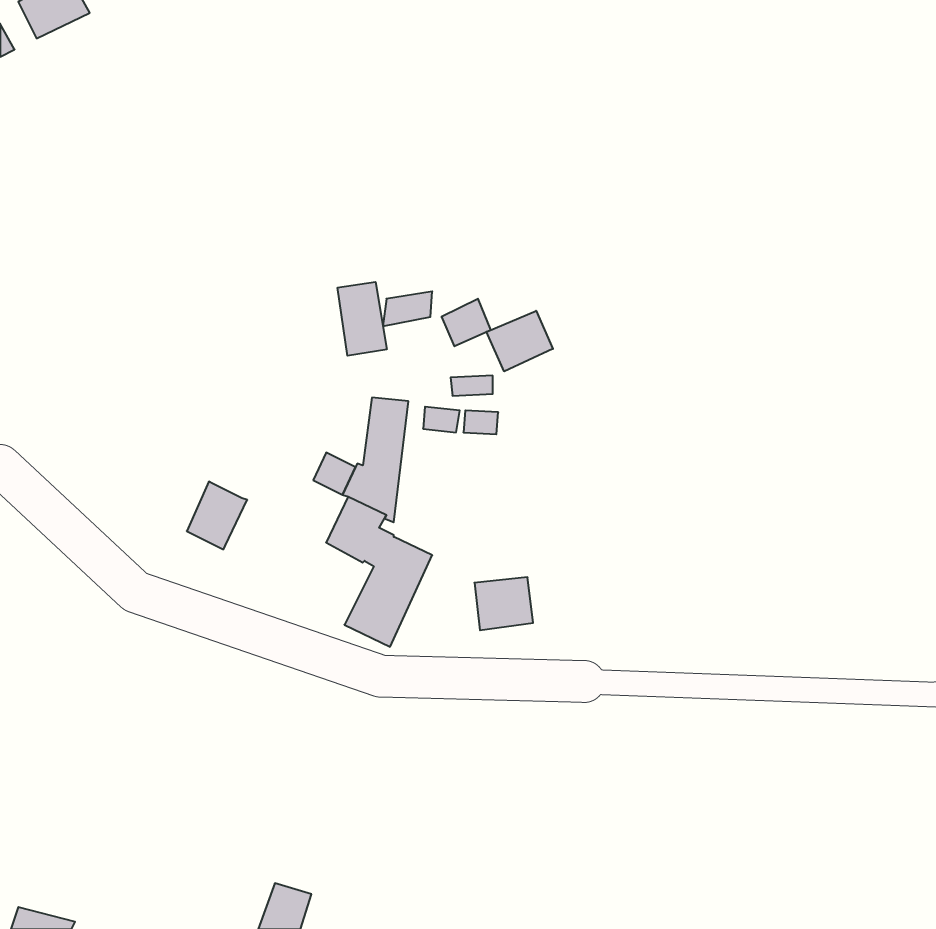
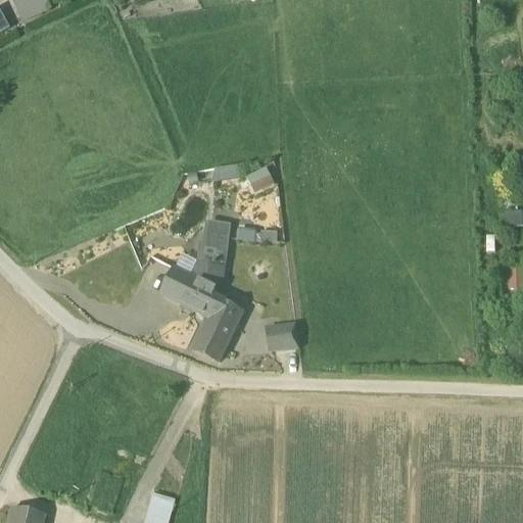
building: [338,282,387,356] -> none
building: [486,311,553,371] -> none
building: [187,482,247,549] -> [160,267,194,304]

